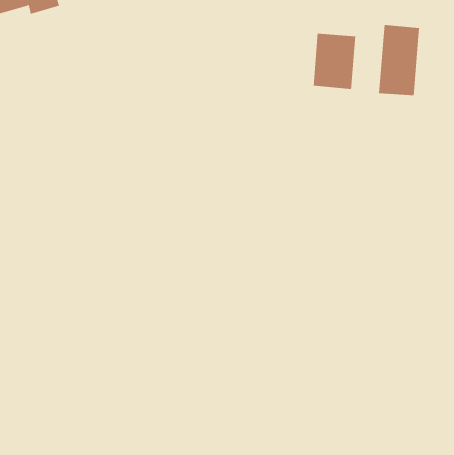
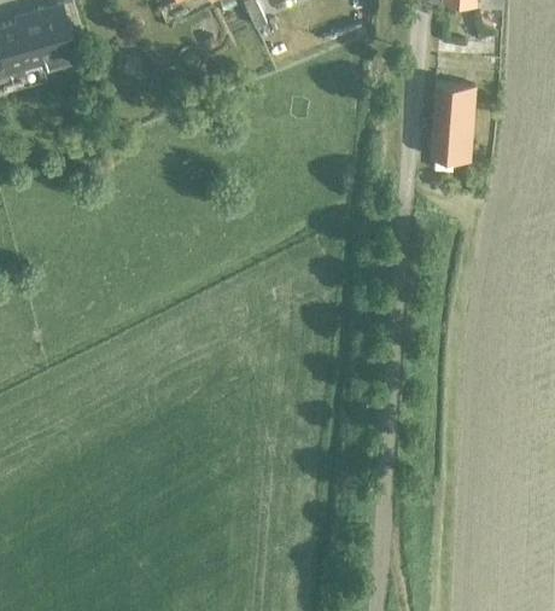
building: [313,33,356,90] -> none

